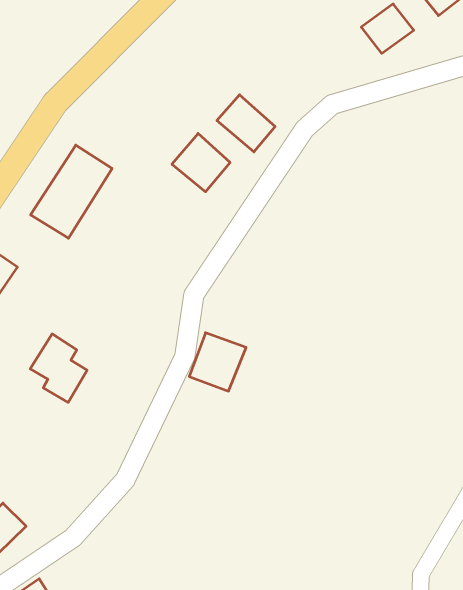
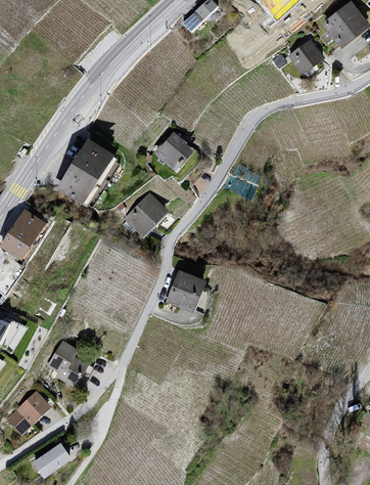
building: [217,95,275,152] -> none
building: none -> [125,192,169,237]
building: [30,334,87,402] -> [48,340,88,388]

